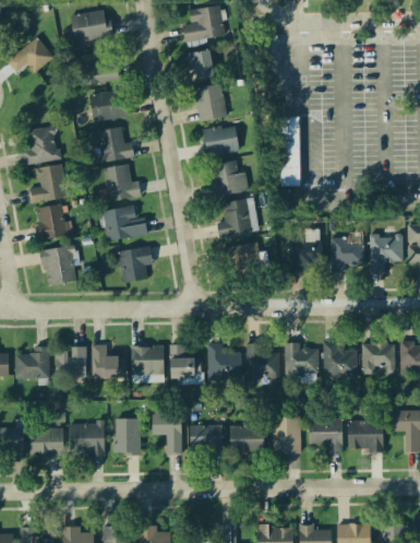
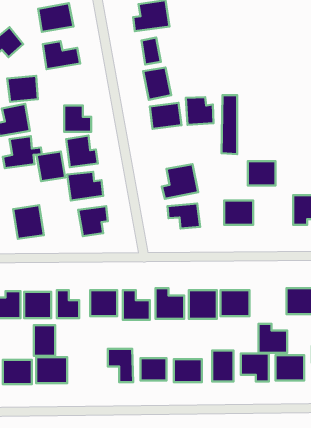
building: [91,91,127,121] -> [7,76,38,102]
building: [215,162,248,194] -> [186,97,214,125]
building: [36,204,70,239] -> [36,151,65,181]
building: [332,239,364,268] -> [248,161,276,185]
building: [323,343,357,377] -> [258,324,287,353]
building: [116,418,141,455] -> [34,325,55,356]

